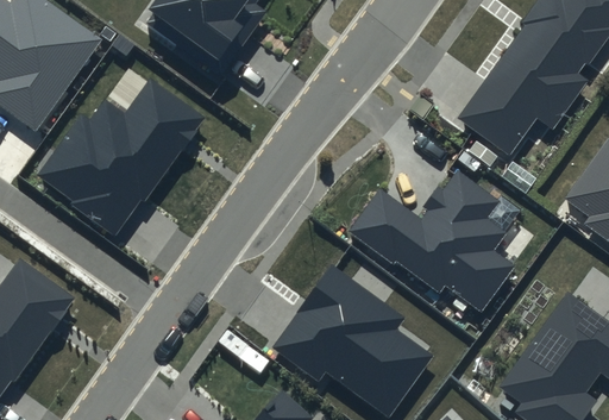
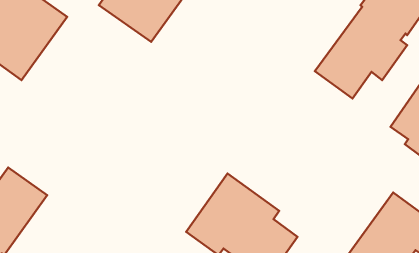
building: [33,75,203,233] -> none
building: [349,171,514,311] -> none

